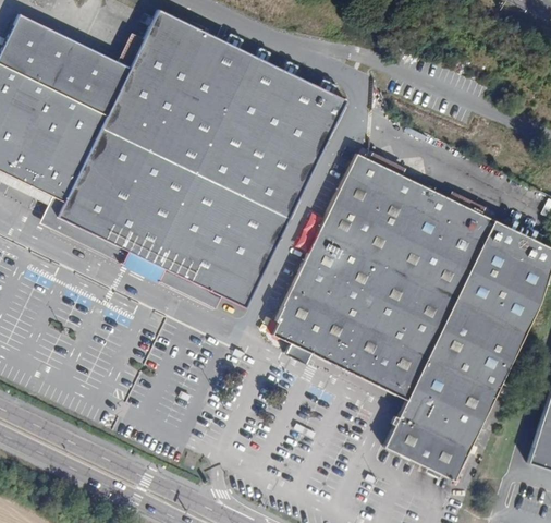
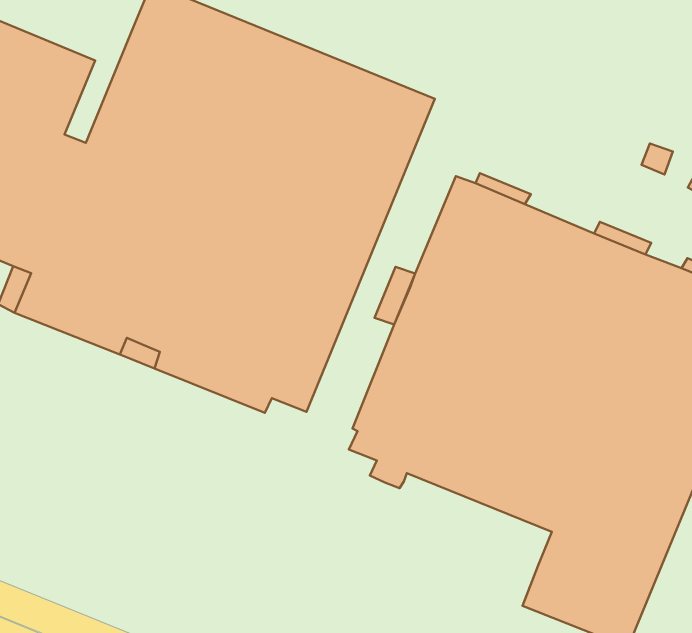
building: [93,33,144,115] -> none

